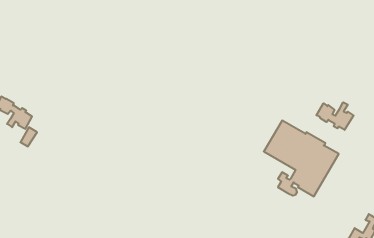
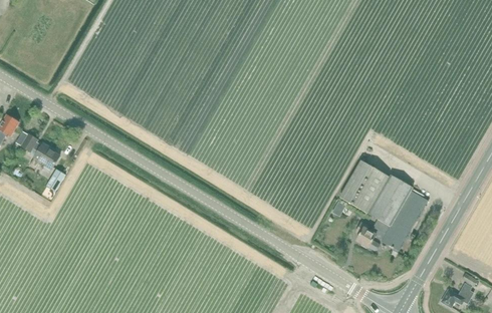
building: [316,102,354,130] -> none

